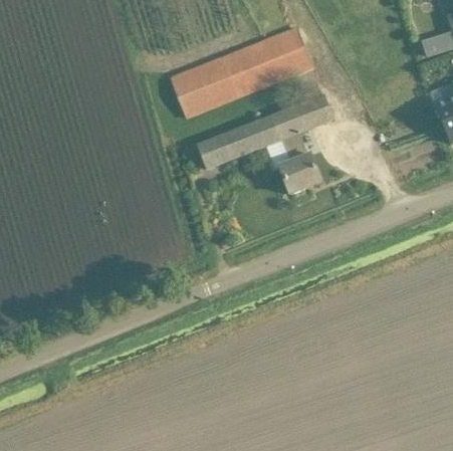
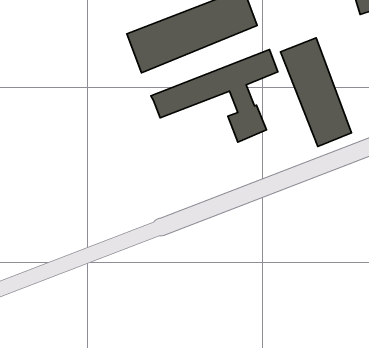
building: none -> [281,38,351,146]

